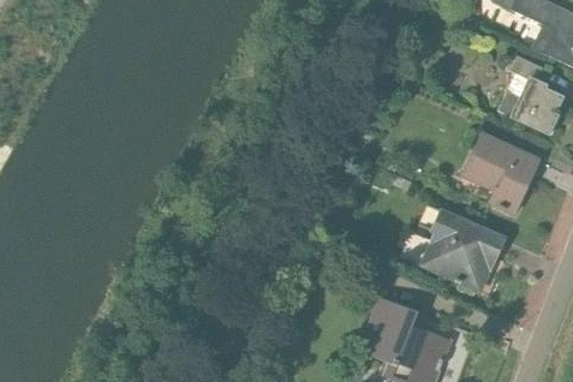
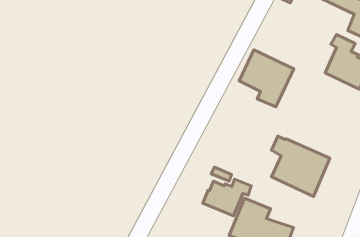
building: [461,131,542,215] -> [239,50,294,107]
building: none -> [203,179,251,216]

